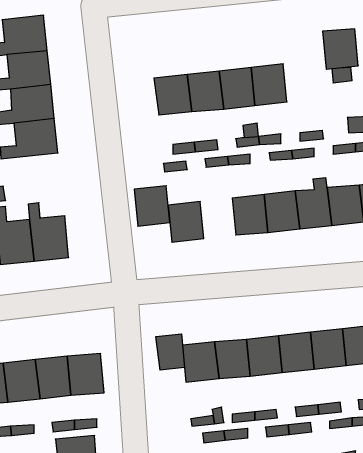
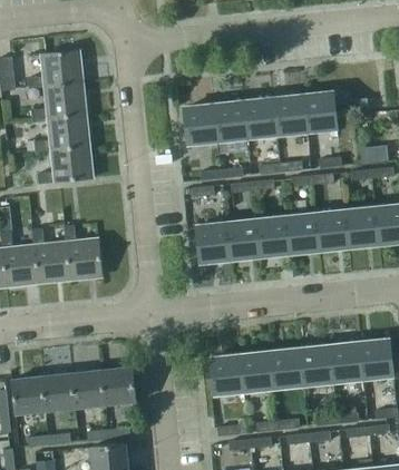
building: [323,29,358,69] -> [303,94,337,131]
building: [134,186,170,226] -> [225,222,259,260]
building: [156,334,185,370] -> none

